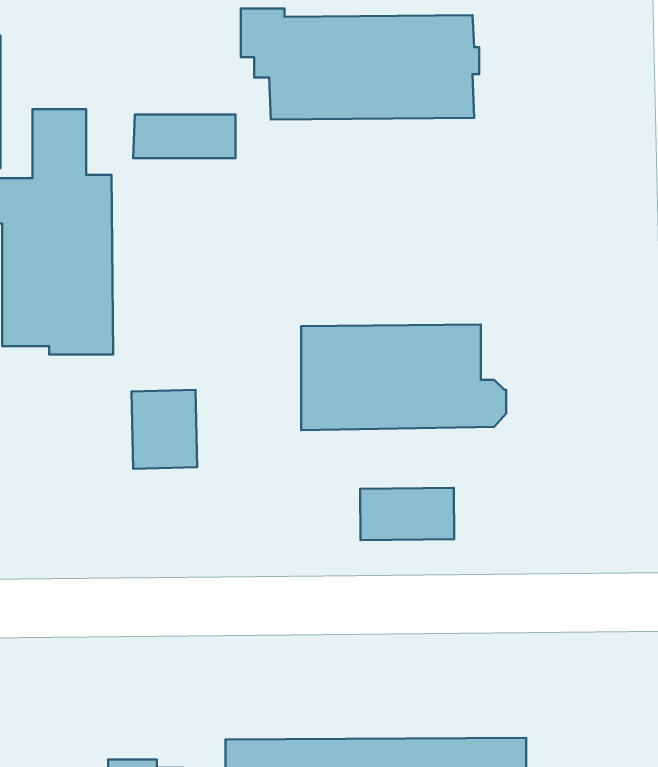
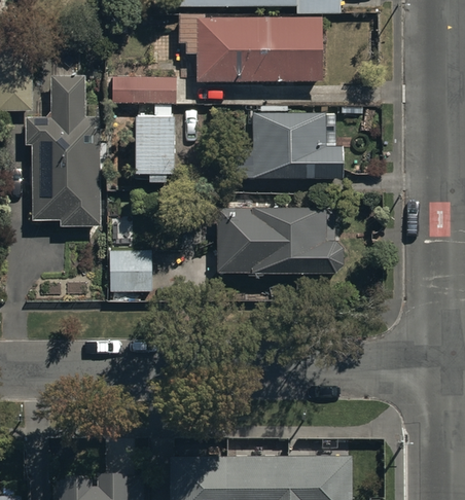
building: none -> [134,108,175,179]
building: none -> [236,111,342,175]
building: [360,488,454,540] -> none

